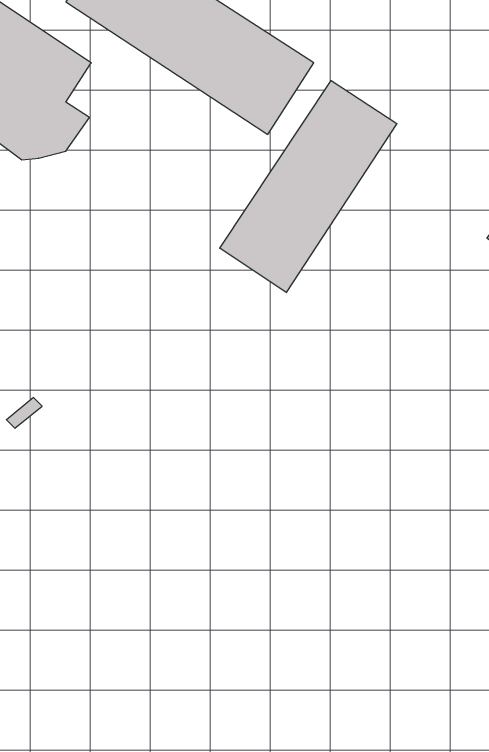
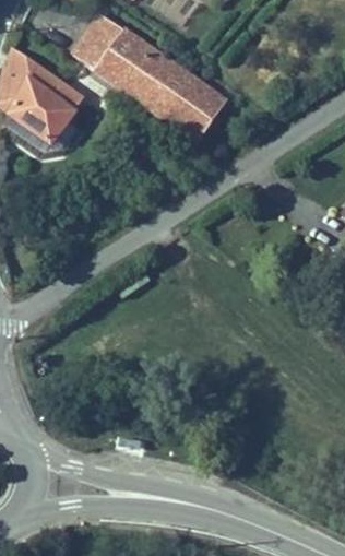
building: [220,81,397,293] -> none

